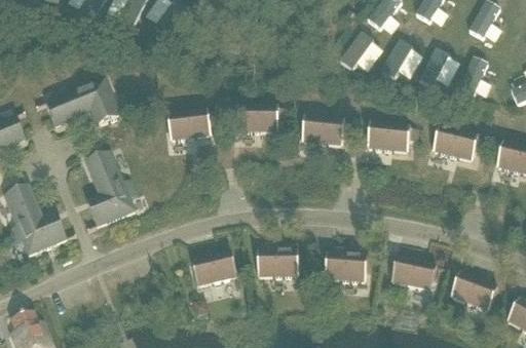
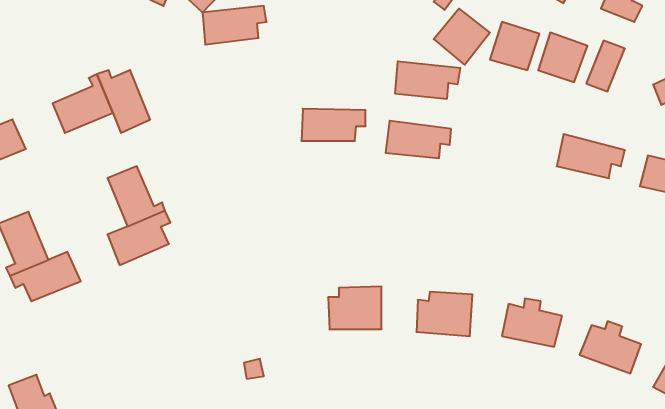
building: [168,111,218,141] -> [202,6,267,45]
building: [368,124,418,153] -> [395,61,460,99]
building: [192,250,237,286] -> none

